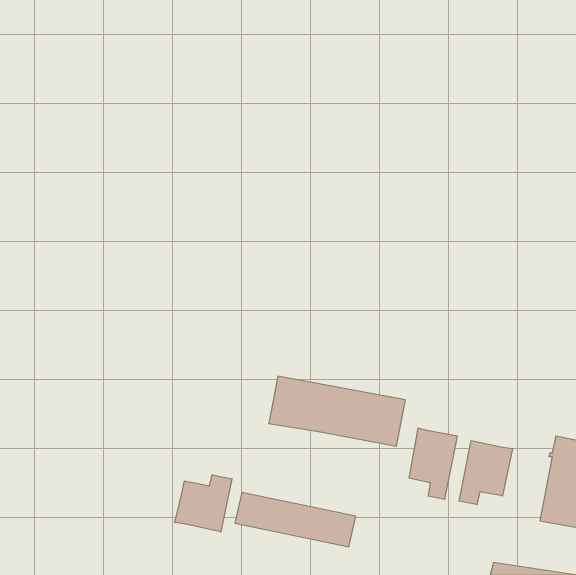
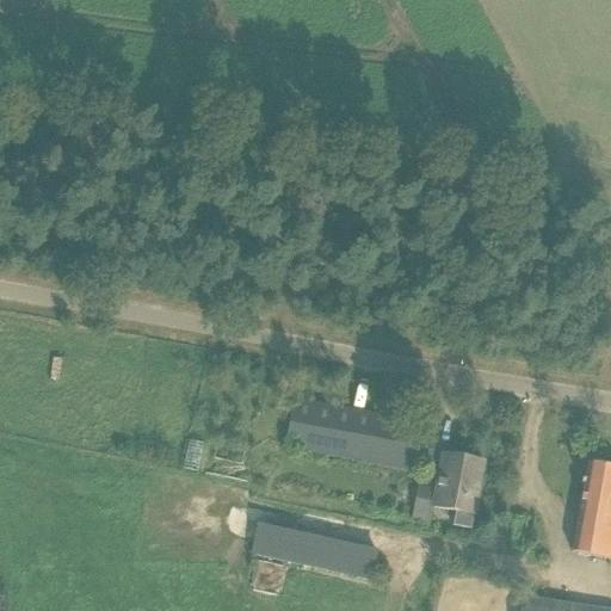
building: [459,441,513,505] -> none
building: [175,475,232,532] -> none

